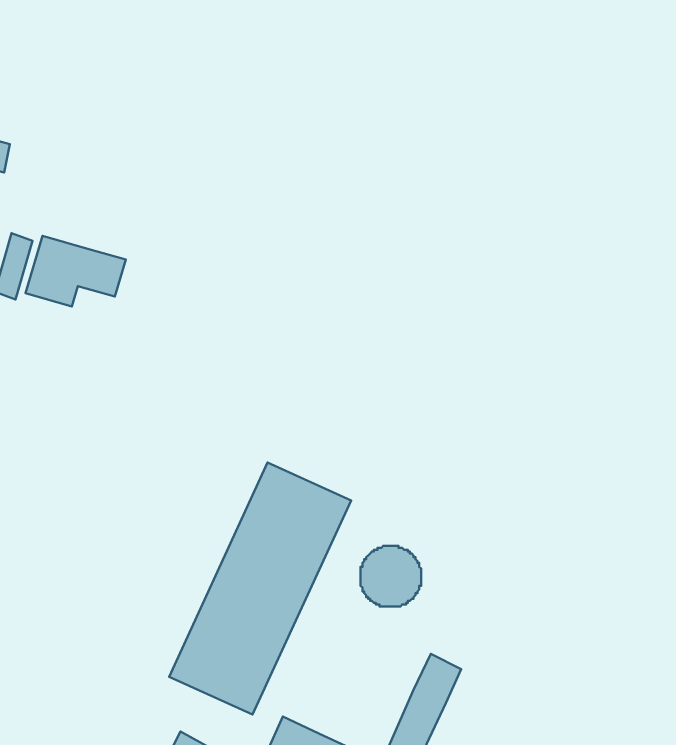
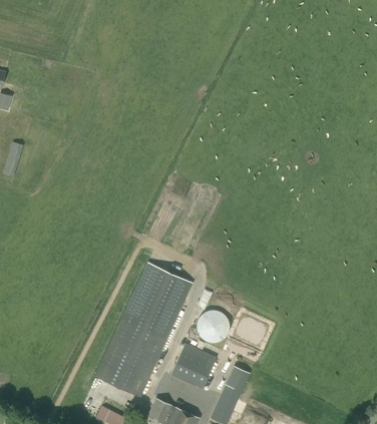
building: [26,236,126,307] -> none
building: none -> [171,343,217,388]

